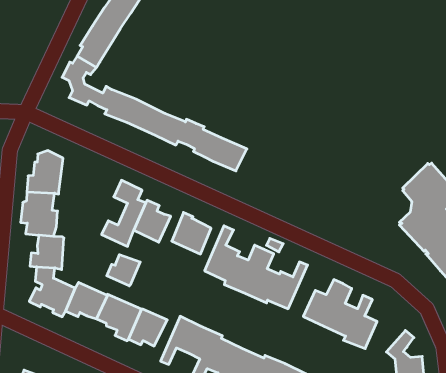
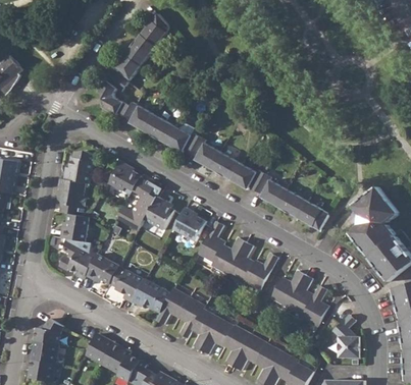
building: none -> [226,161,327,228]
building: none -> [107,160,138,192]
building: [107,255,140,286] -> none

